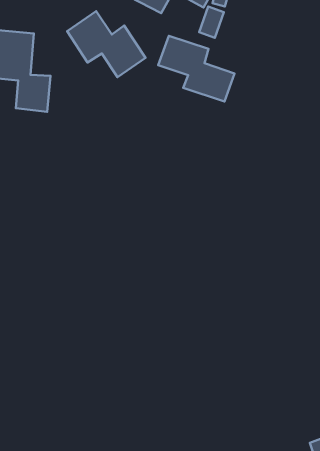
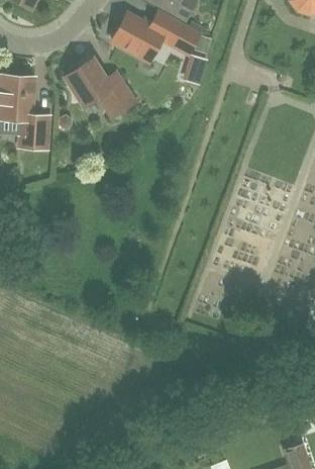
building: [158,36,234,102] -> none

